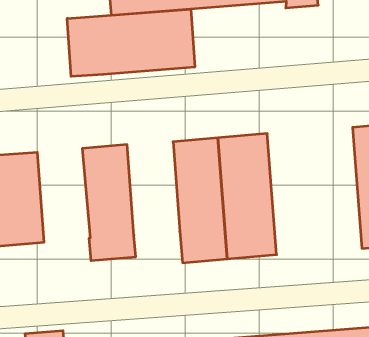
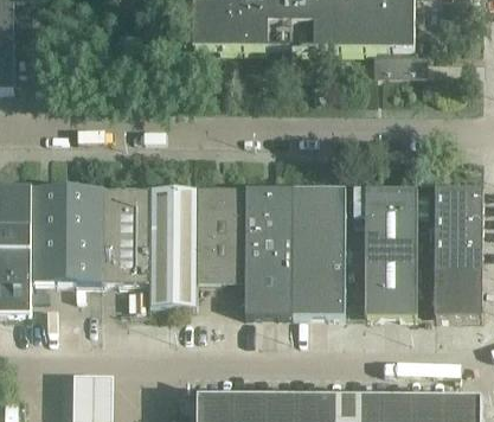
building: [67,9,195,76] -> none
building: none -> [365,186,417,315]
building: none -> [197,185,246,281]
building: none -> [102,185,150,280]

